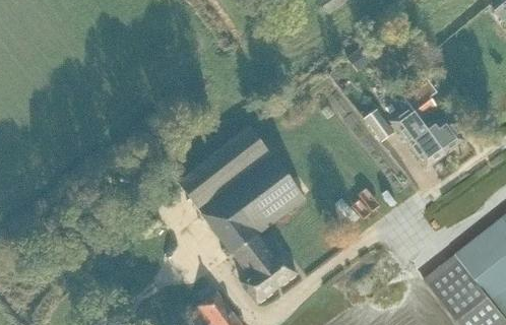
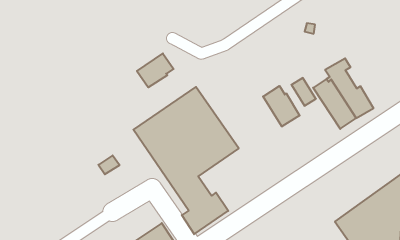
building: none -> [137,53,174,87]
building: none -> [263,86,300,127]

